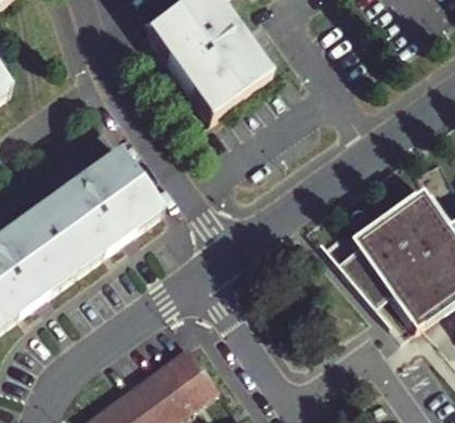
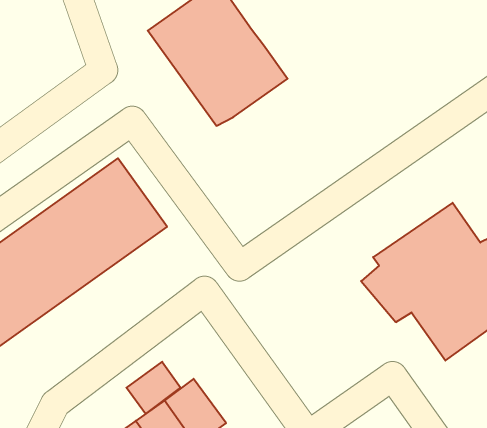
building: none -> [126,362,180,414]

